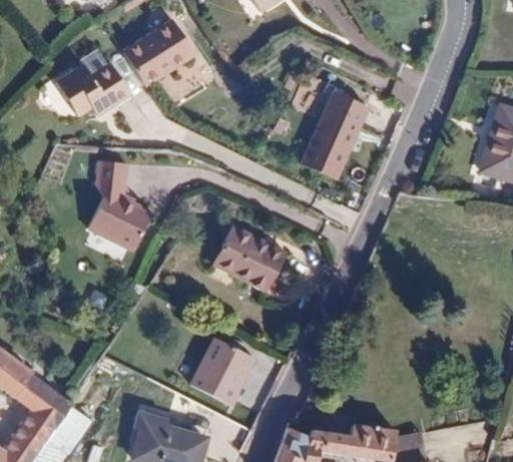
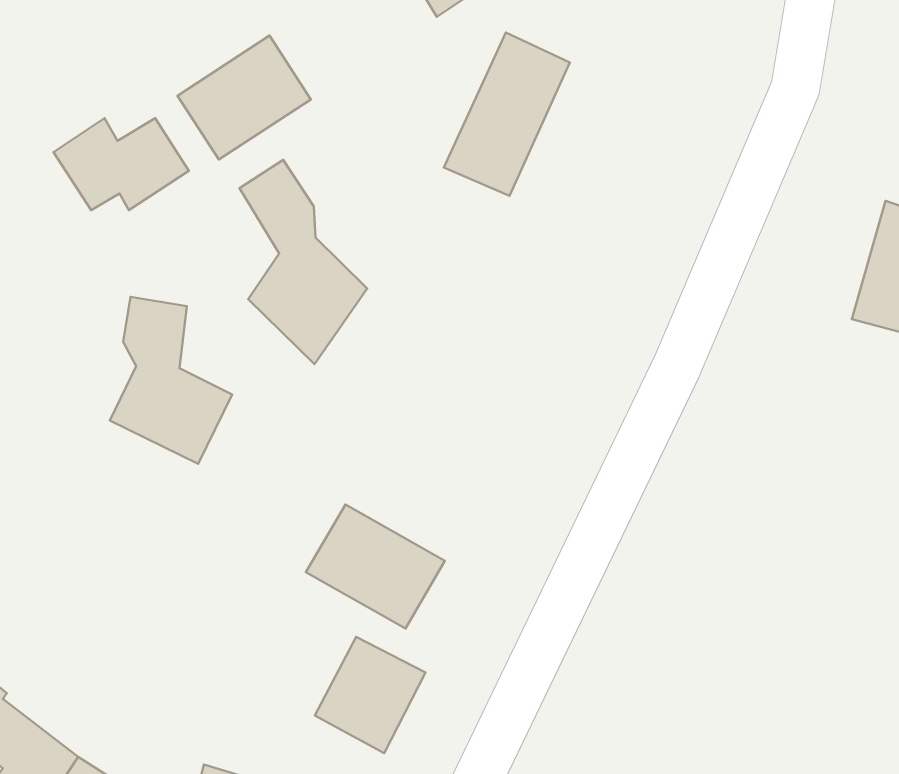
building: none -> [240,160,367,364]
building: [301,91,368,178] -> [444,32,570,196]
building: [211,224,286,291] -> [306,505,445,629]

